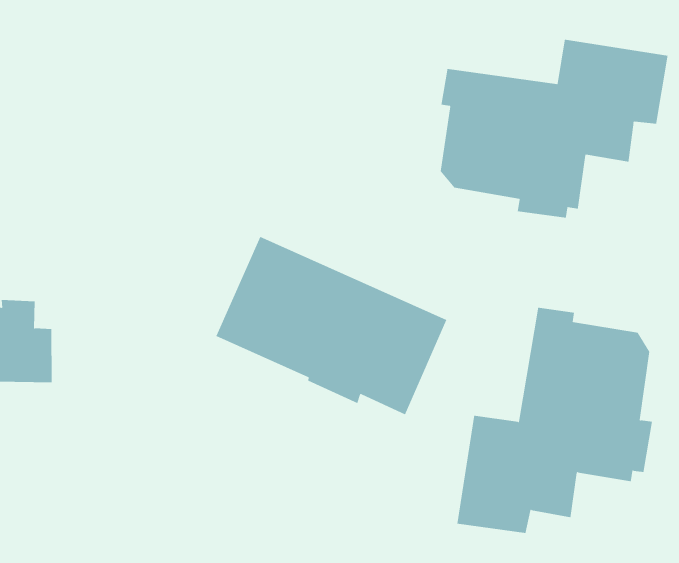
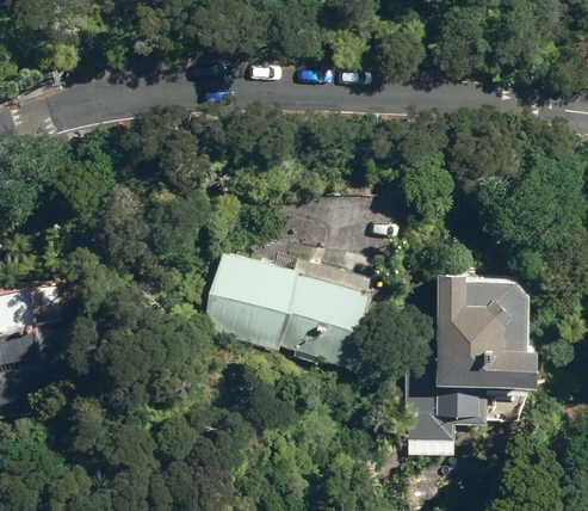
building: [440,39,668,219] -> none

